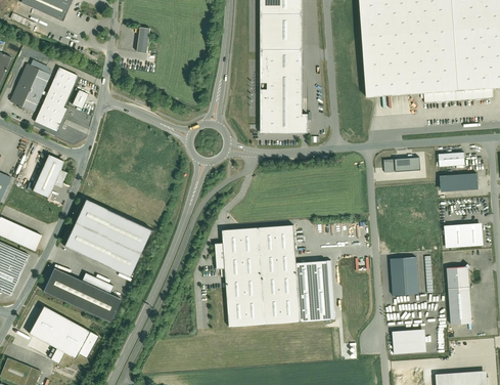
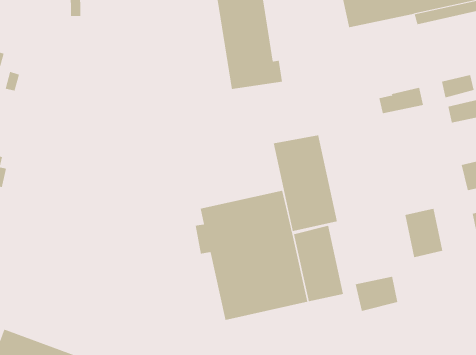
building: none -> [273,134,338,232]
building: [64,203,151,276] -> none
building: [46,268,122,322] -> none
building: [392,328,425,353] -> [355,276,398,312]

